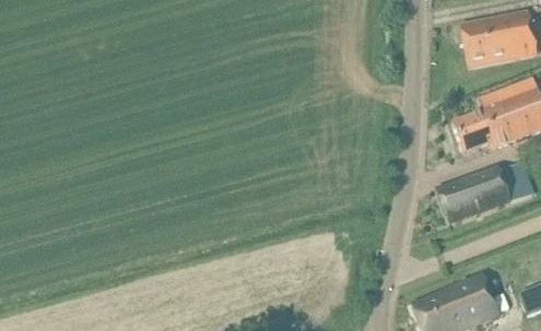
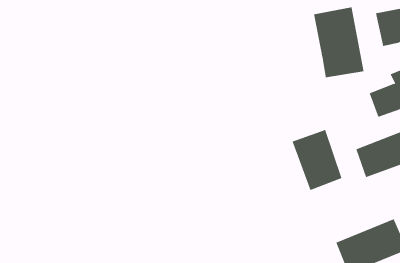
building: none -> [314,6,364,78]
building: none -> [292,129,342,191]

